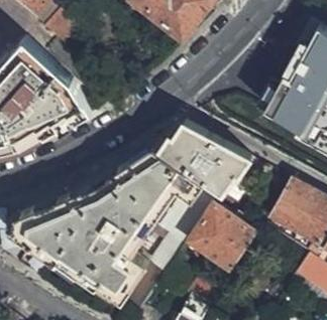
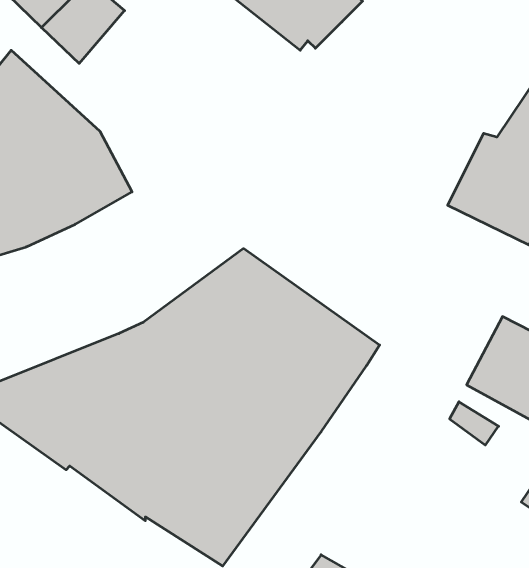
building: [150,121,250,193] -> none
building: [192,204,258,269] -> none

